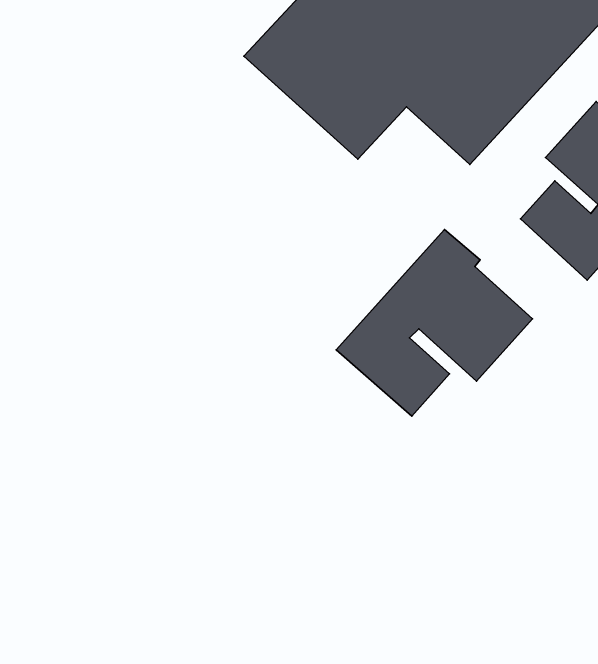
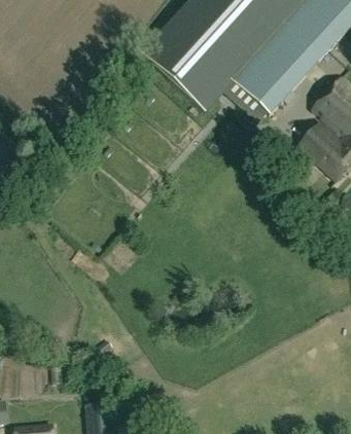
building: [336,229,533,416] -> none

